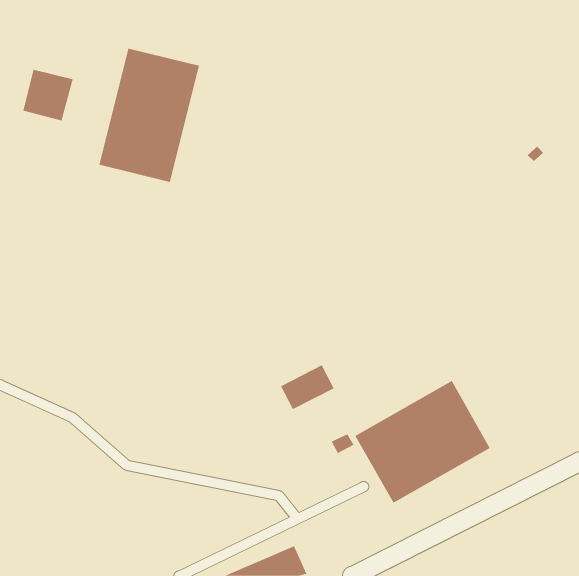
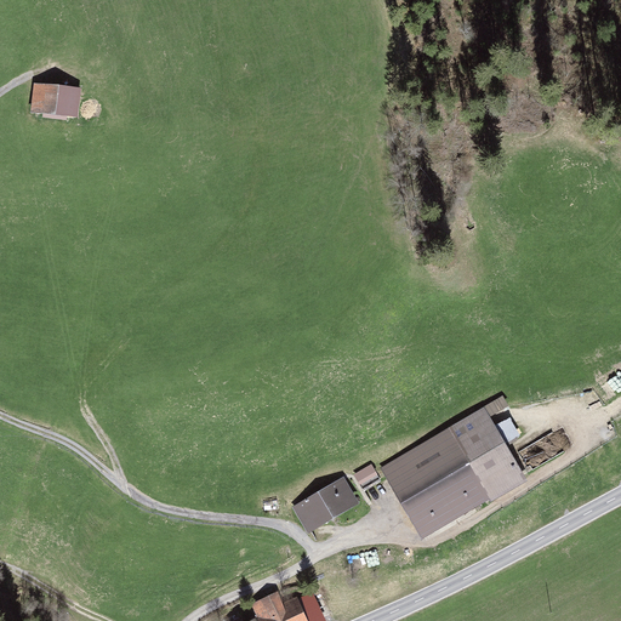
building: [99,48,200,183] -> none
building: [280,365,335,410] -> [298,479,357,528]

